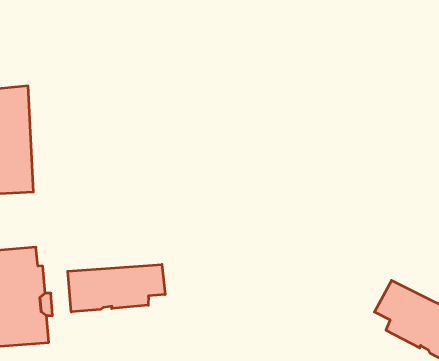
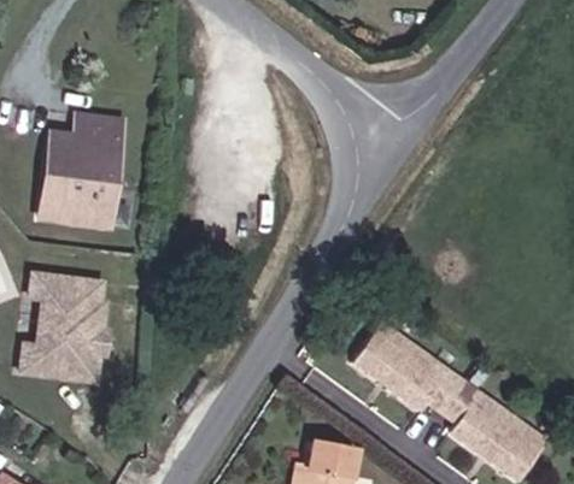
building: none -> [348,317,459,407]
building: [68,264,165,312] -> none

